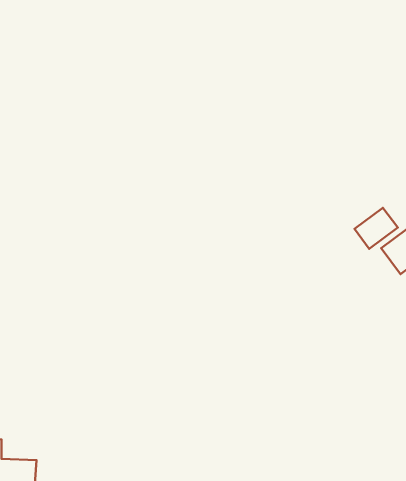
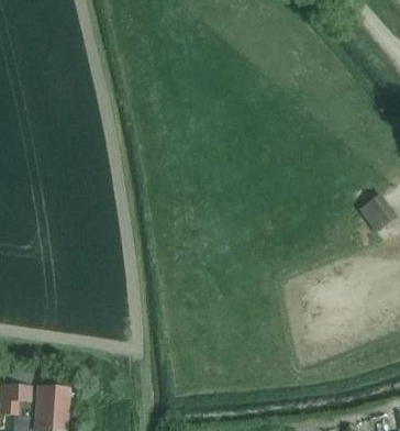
building: [355,208,398,249] -> none

